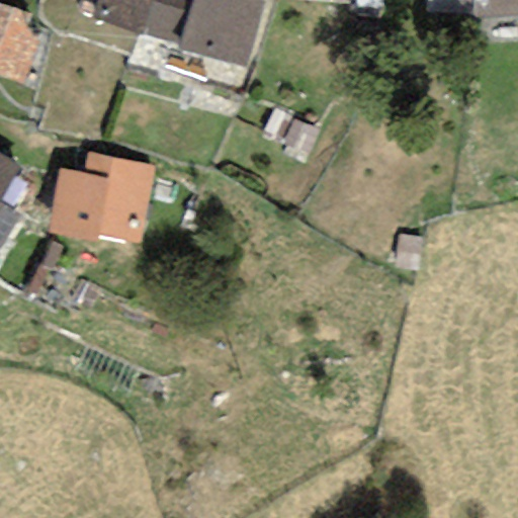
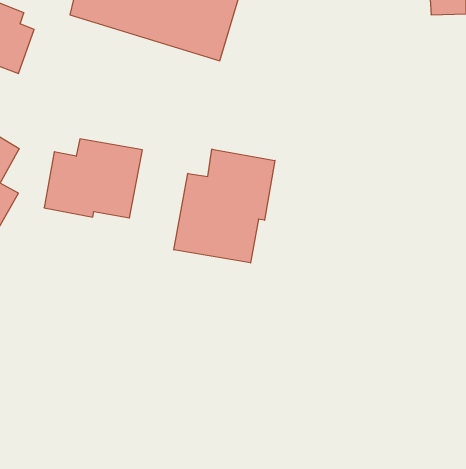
building: none -> [174,149,275,263]

